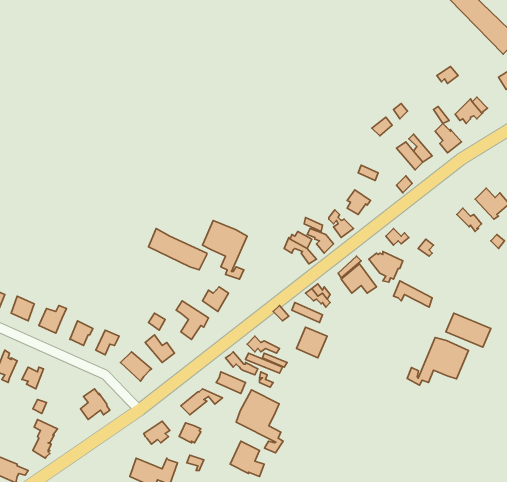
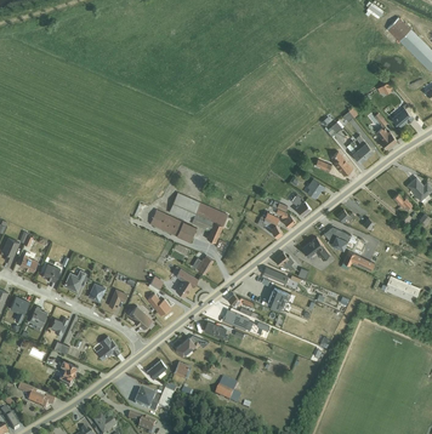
building: none -> [167,192,200,222]
building: [407,337,468,385] -> none
building: [236,390,283,453] -> none

